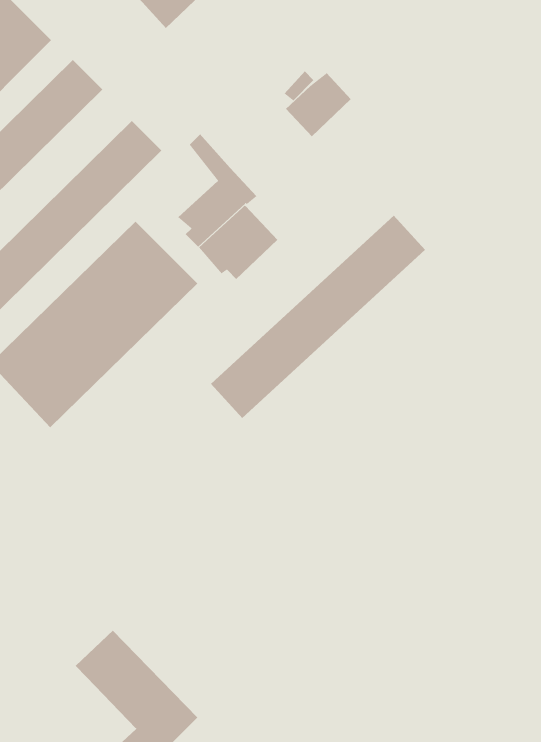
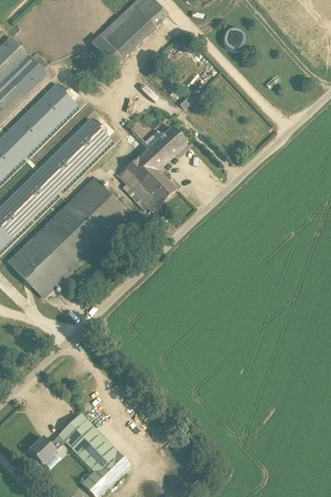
building: [285,73,352,137] -> [149,125,187,162]
building: [210,215,426,419] -> none
building: none -> [31,432,66,461]

